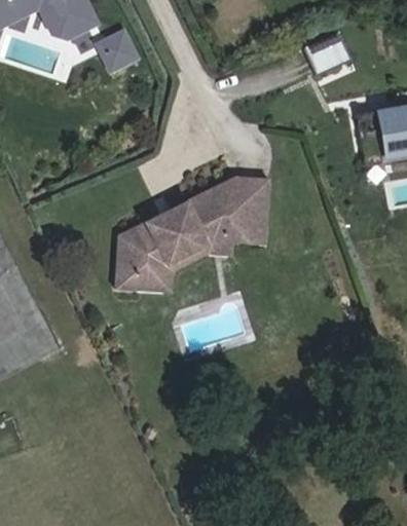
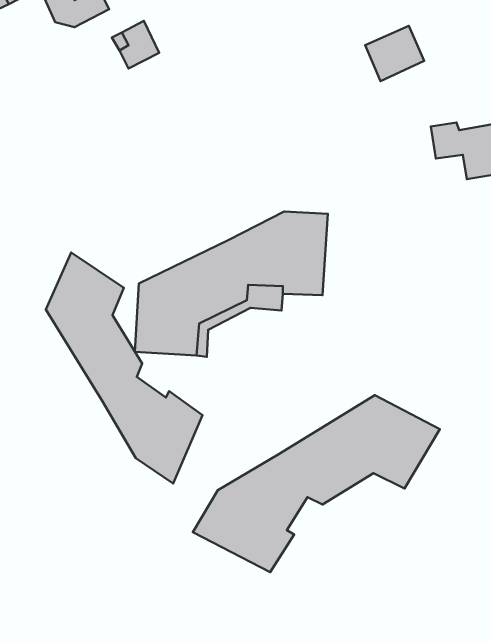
building: none -> [46,252,203,483]
building: none -> [193,395,440,572]

